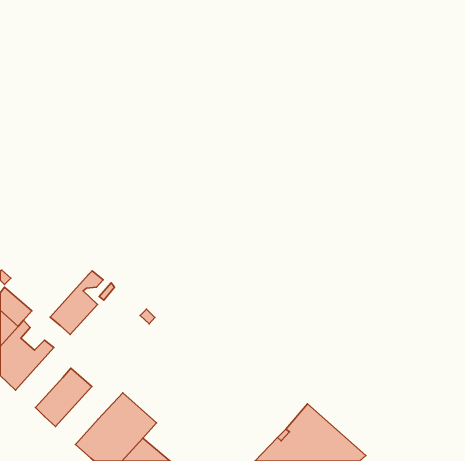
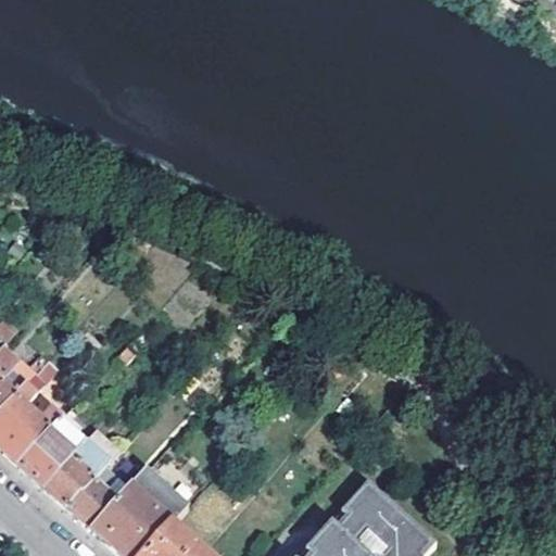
building: [50,271,103,334] -> [18,410,81,486]
building: none -> [66,454,126,531]

